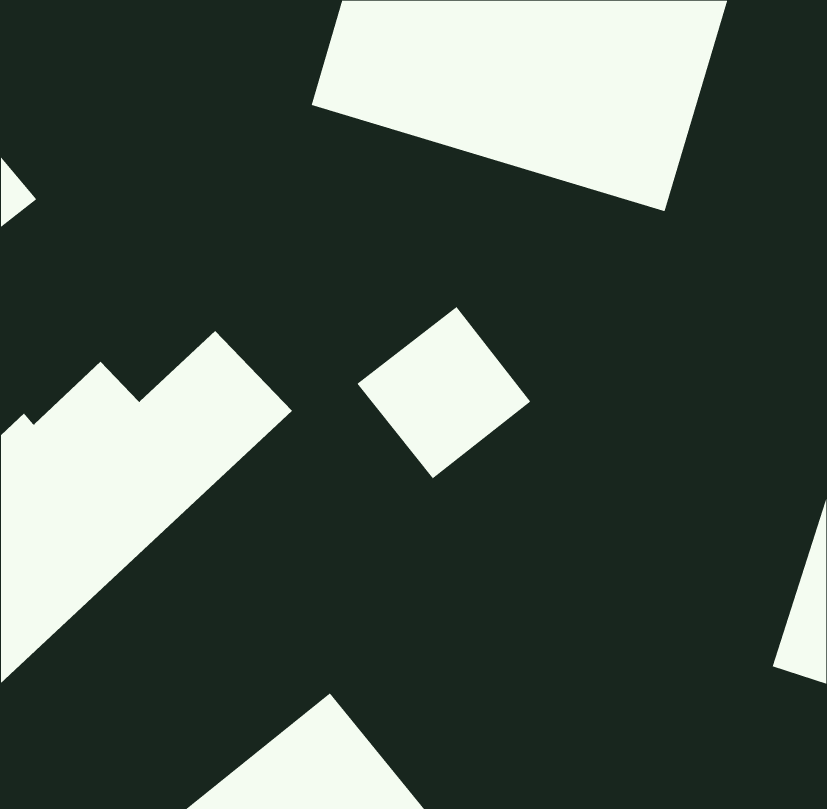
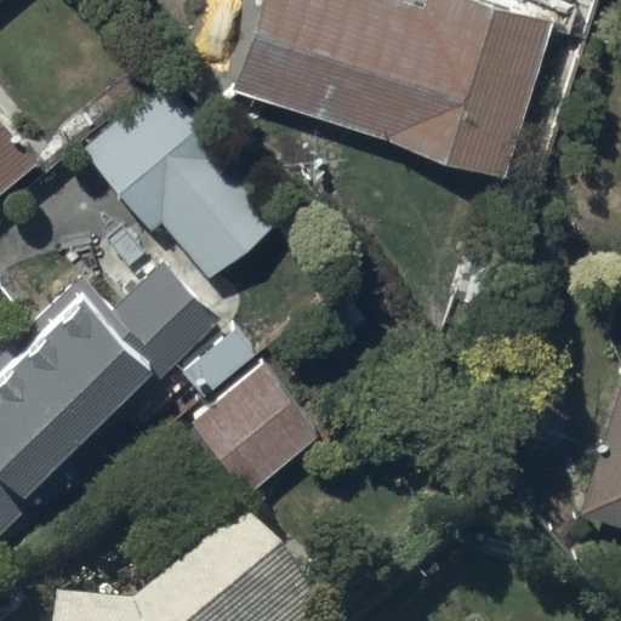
building: none -> [78,80,277,277]
building: [357,306,531,479] -> [187,363,318,492]

